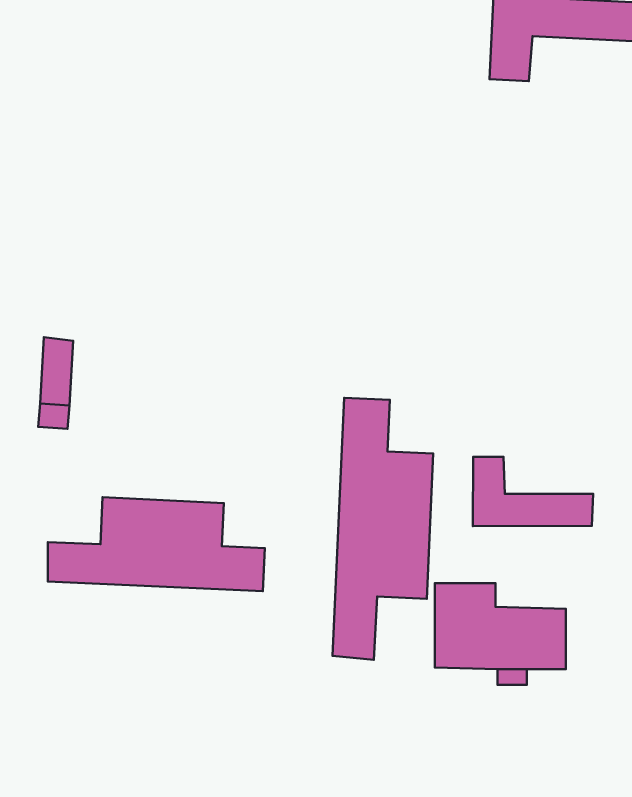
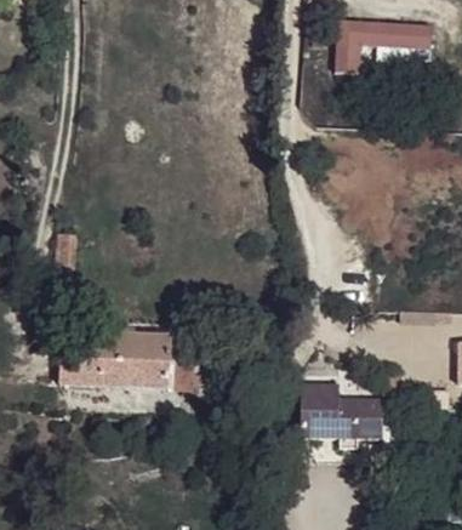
building: [333,398,433,660] -> none
building: [473,457,593,526] -> none

